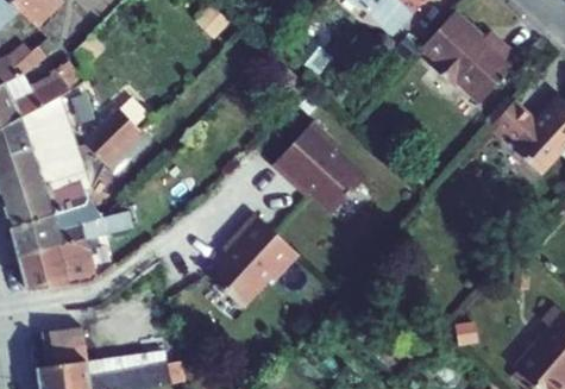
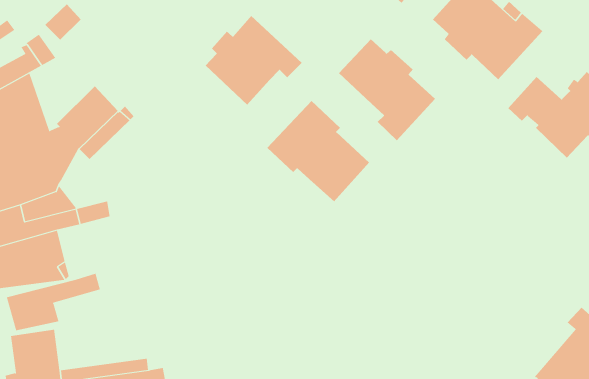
building: none -> [205,15,302,106]
building: none -> [338,38,436,141]
building: [207,214,299,307] -> none
building: none -> [6,273,101,331]

